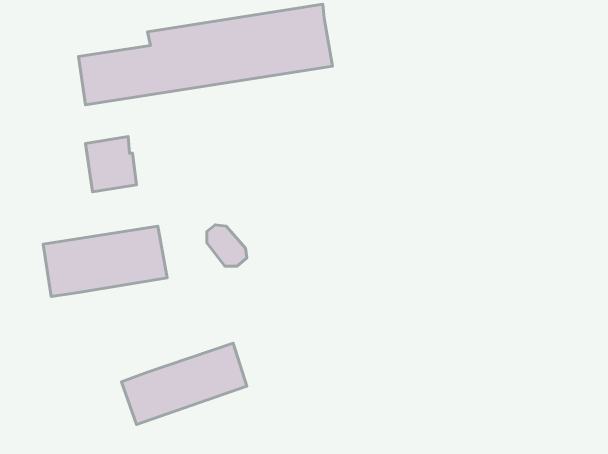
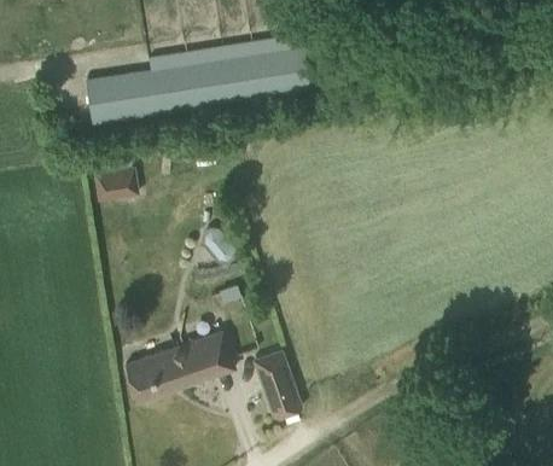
building: [43,226,167,296] -> none
building: none -> [252,350,302,418]

